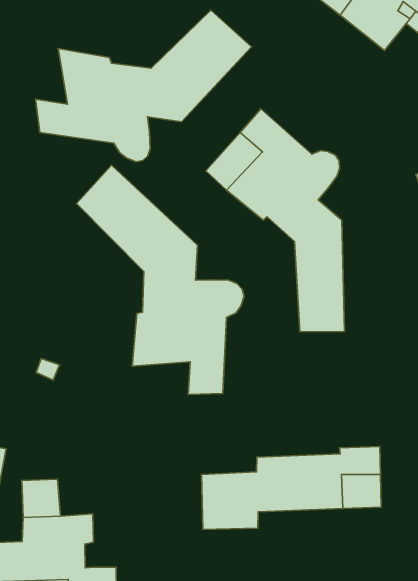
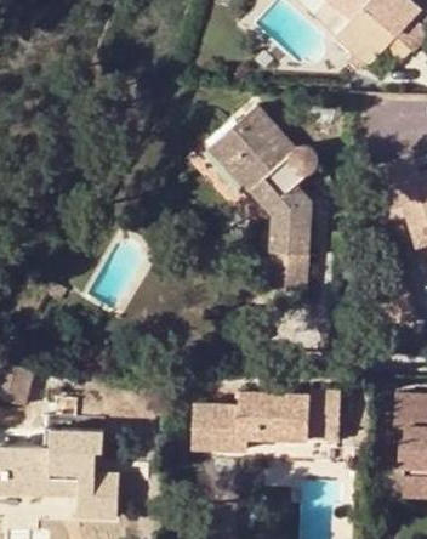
building: [35,10,251,162] -> none
building: [77,165,244,395] -> none

